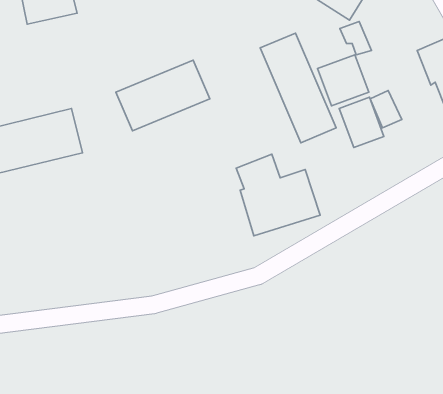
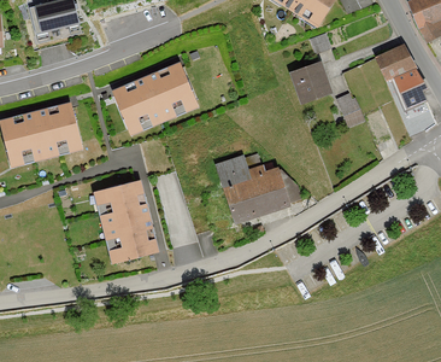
building: [260,33,336,143] -> none
building: [339,97,384,148] -> none
building: none -> [94,180,159,262]

